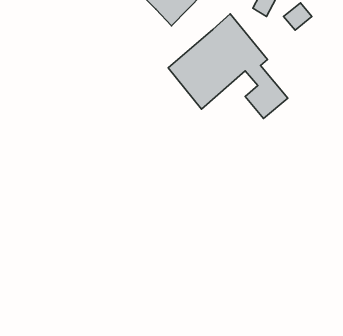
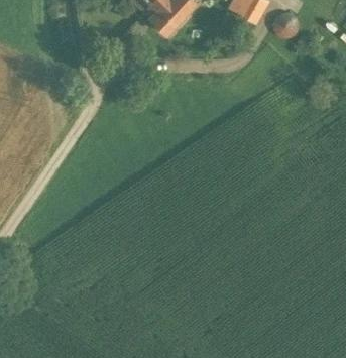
building: [168,14,288,119] -> none

